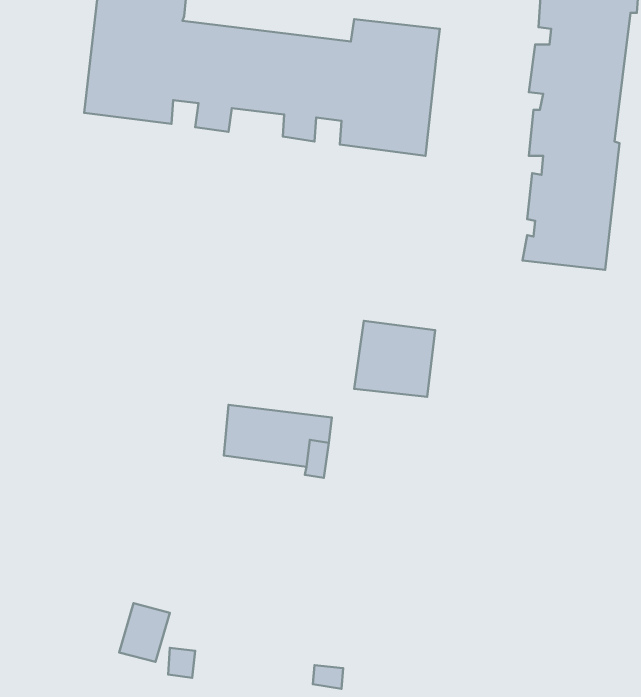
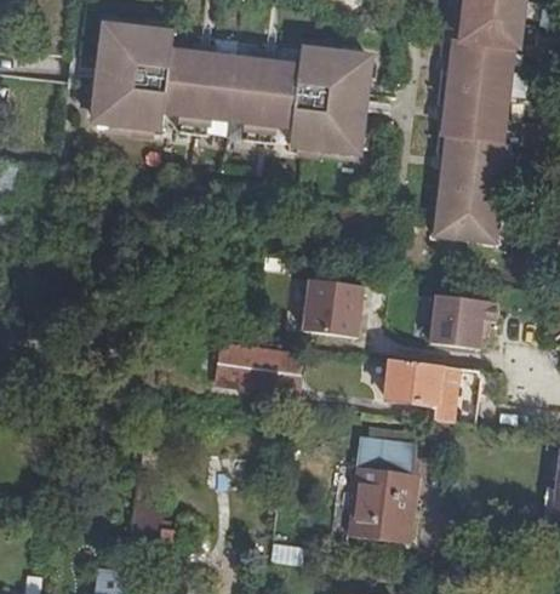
building: none -> [432,296,498,349]
building: none -> [389,360,481,425]
building: none -> [349,425,418,543]

